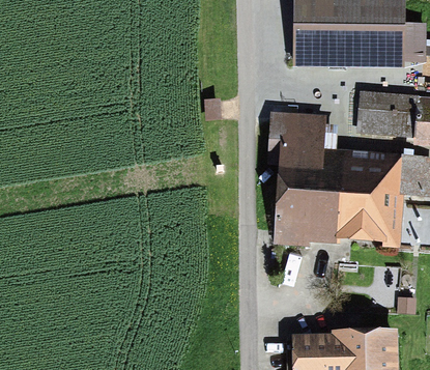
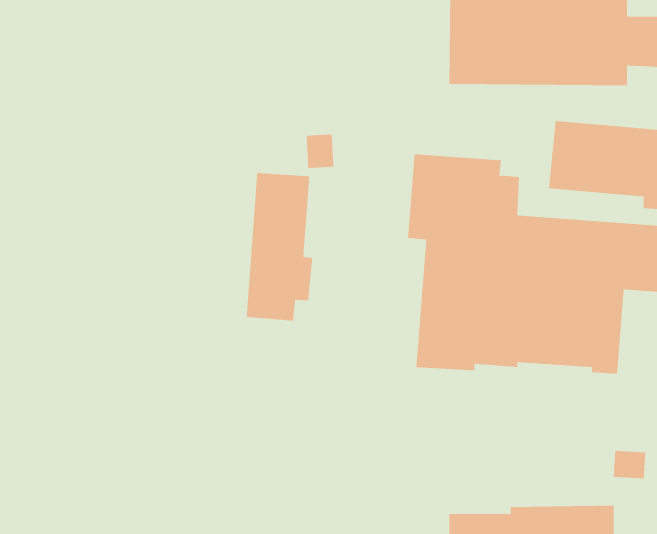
building: none -> [246,172,313,321]

